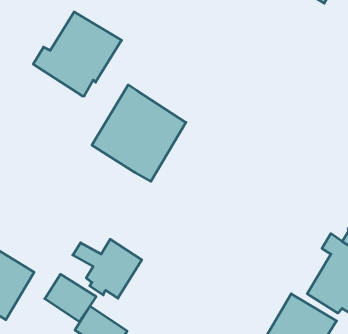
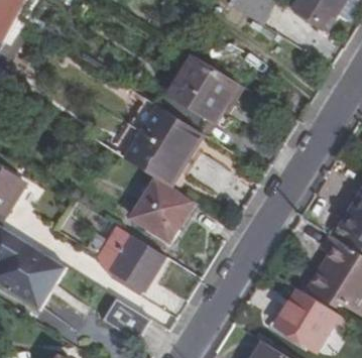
building: [33,12,122,96] -> [157,59,236,134]
building: none -> [129,178,193,241]
building: [45,274,96,322] -> none

